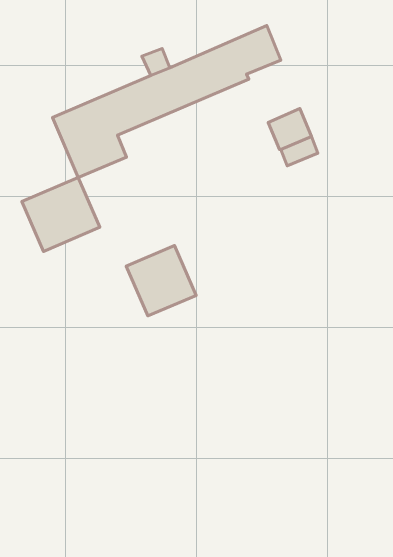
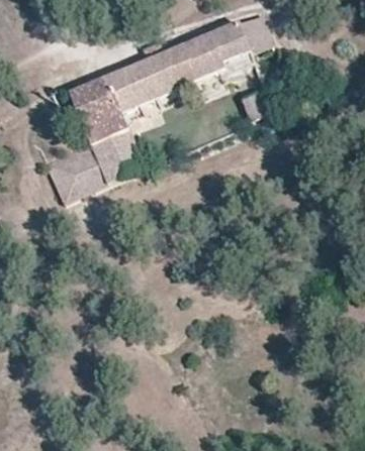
building: none -> [238,12,275,53]
building: [126,246,196,316] -> [88,126,144,182]

